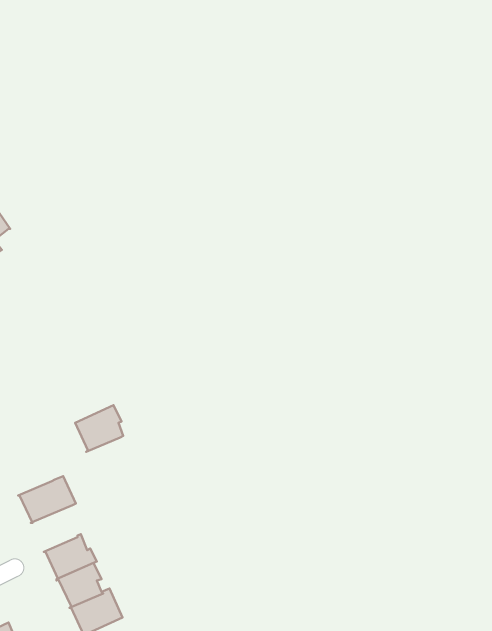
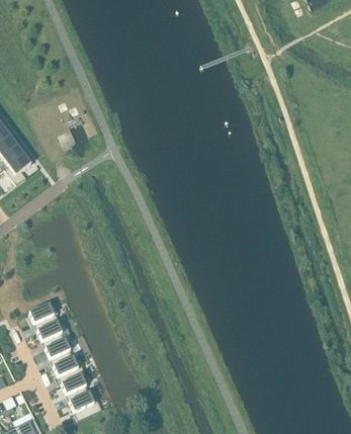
building: [75,405,123,452] -> [29,301,60,331]
building: none -> [45,337,79,366]

